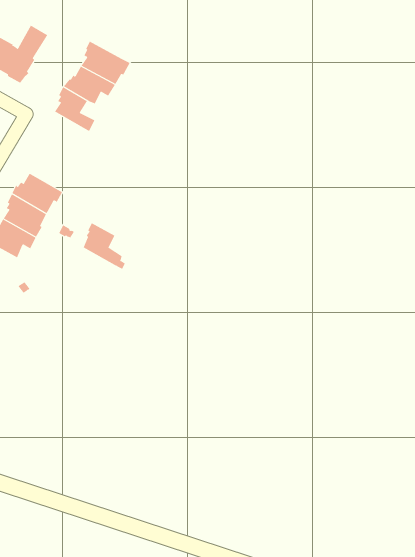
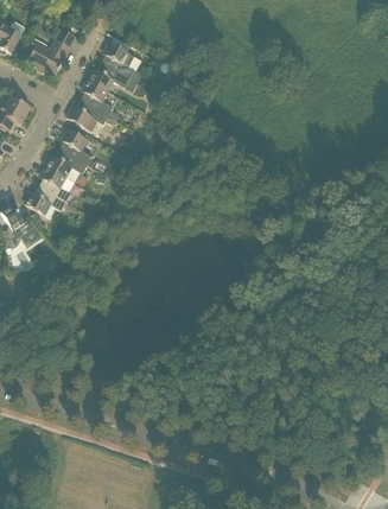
building: none -> [65,98,113,134]
building: [83,222,125,269] -> [58,128,93,166]

